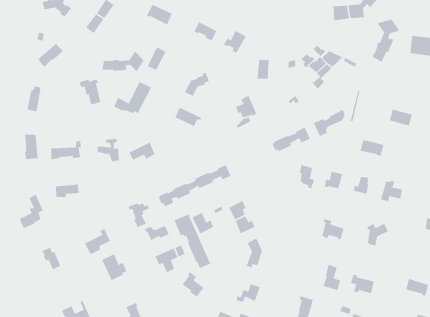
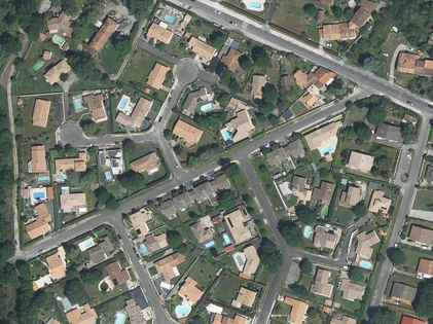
building: [371,19,401,63] -> none
building: [102,50,144,72] -> none
building: [174,213,211,269] -> none

